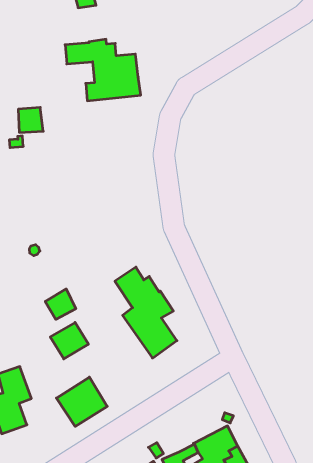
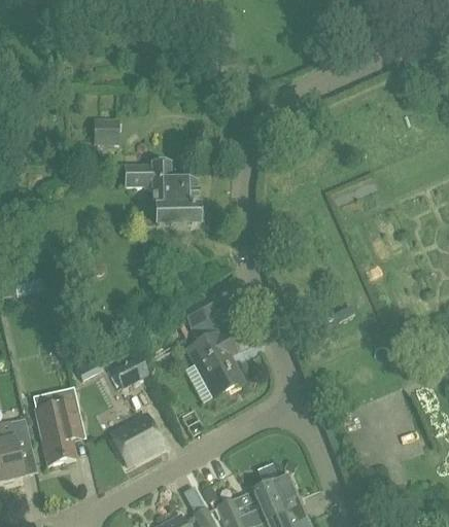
building: [65,39,141,101] -> [127,165,203,229]
building: [45,289,76,319] -> none

